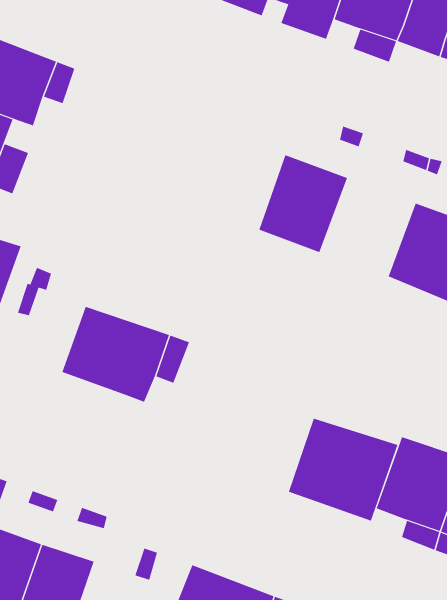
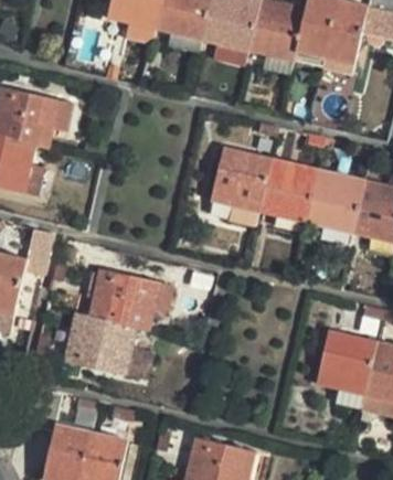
building: none -> [258,158,320,223]
building: none -> [66,312,136,373]
building: [288,418,398,522] -> none

